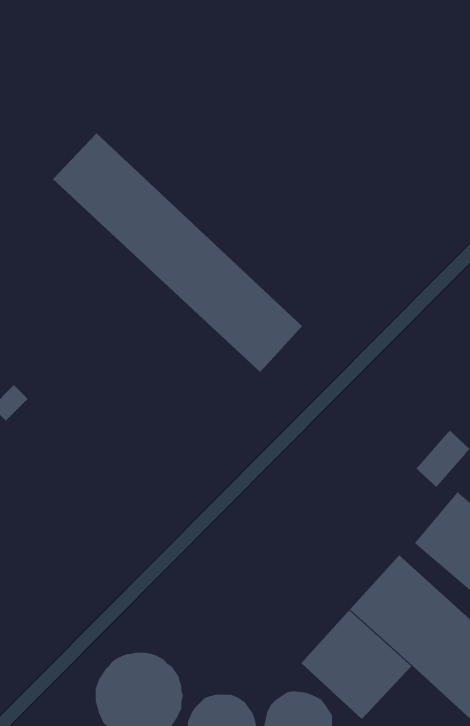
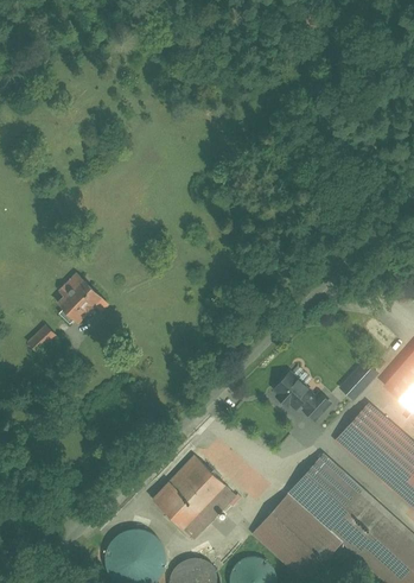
building: [52,132,303,373] -> none
building: none -> [55,279,107,329]
building: none -> [270,368,329,424]
building: none -> [151,451,235,536]

